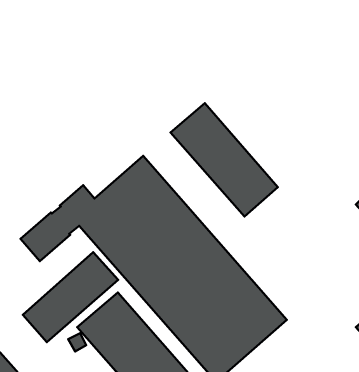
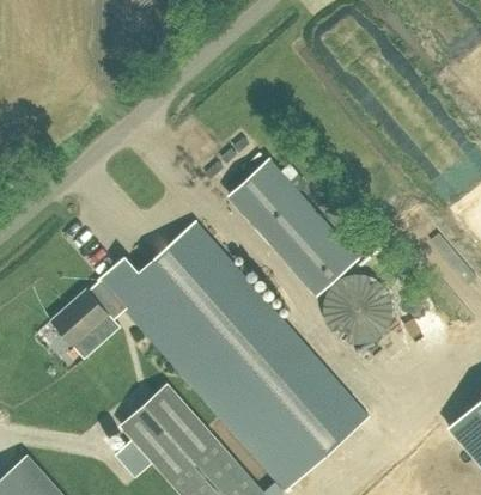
building: none -> [322,276,391,346]
building: [23,252,118,342] -> none

